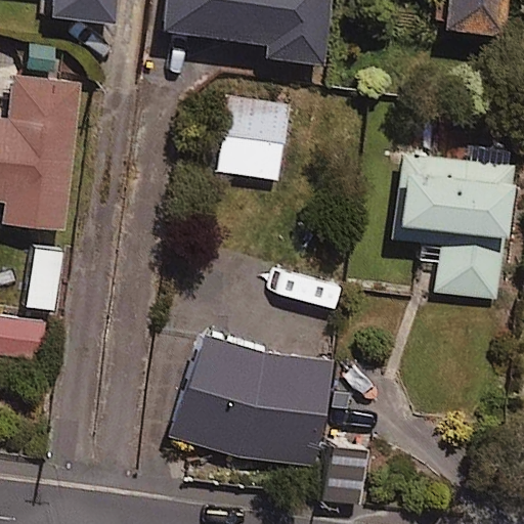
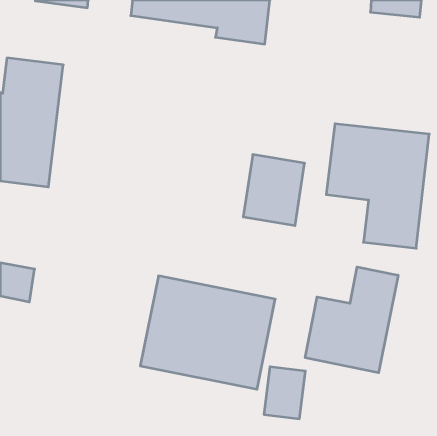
building: [217,96,290,180] -> [243,155,305,226]
building: none -> [305,267,398,373]

